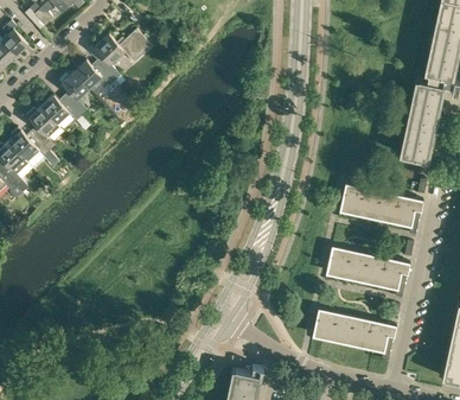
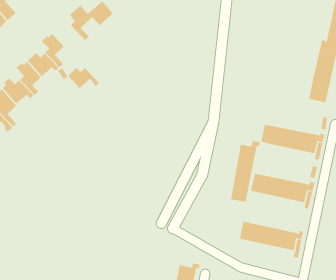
building: [74,61,115,89] -> [68,67,100,89]
building: none -> [230,140,260,203]

